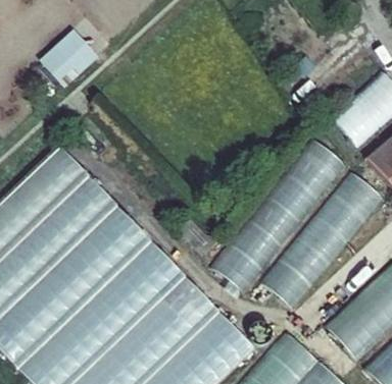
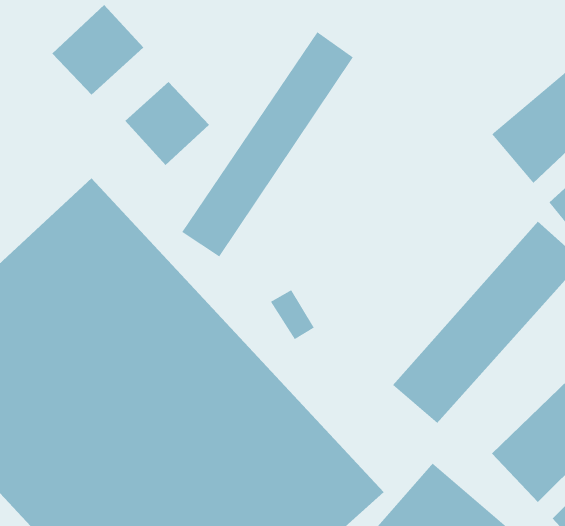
building: none -> [181,31,354,257]
building: none -> [125,81,210,166]
building: [219,138,344,294] -> none

